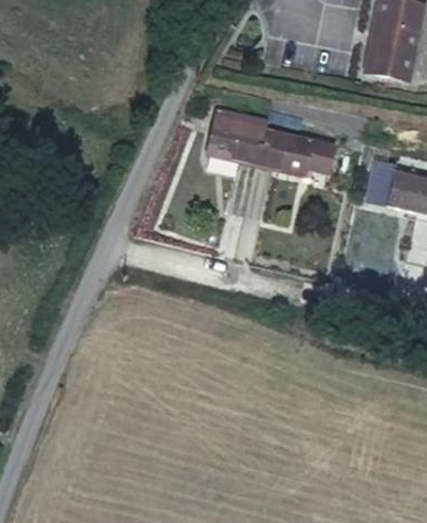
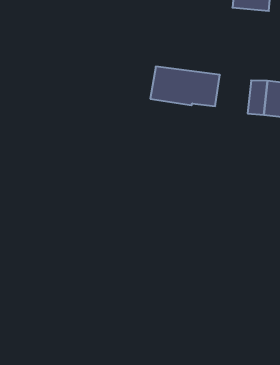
building: [207,114,268,175] -> none

